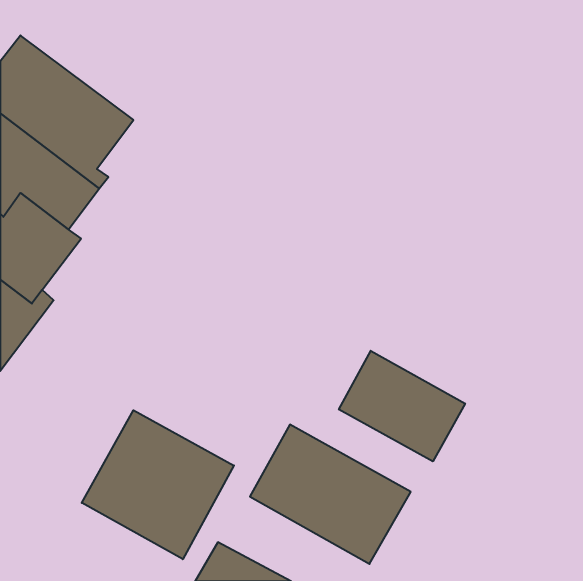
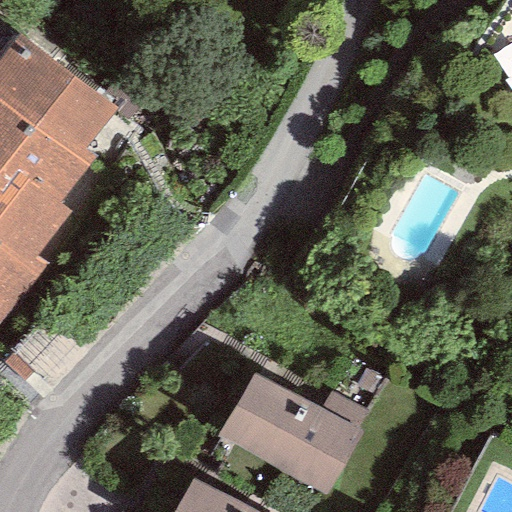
building: [339,351,465,461] -> none
building: [82,410,234,559] -> none

